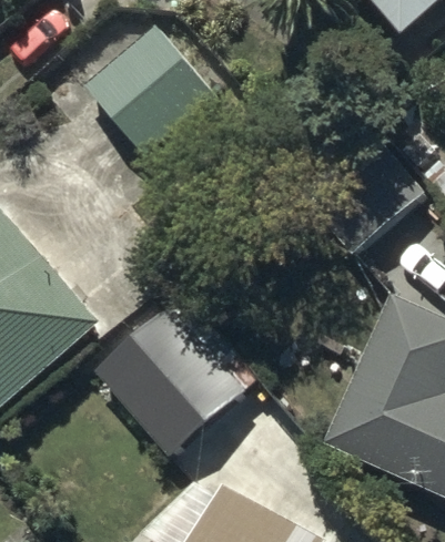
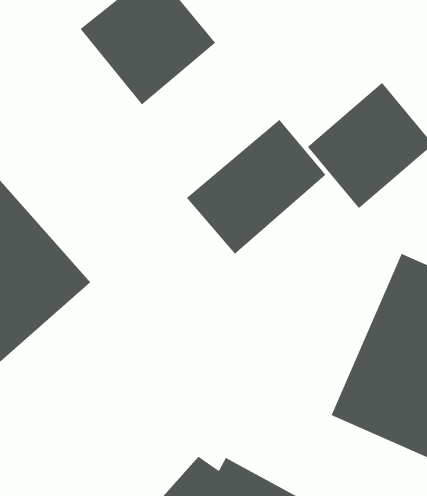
building: none -> [186,119,327,255]
building: [97,294,256,453] -> none

